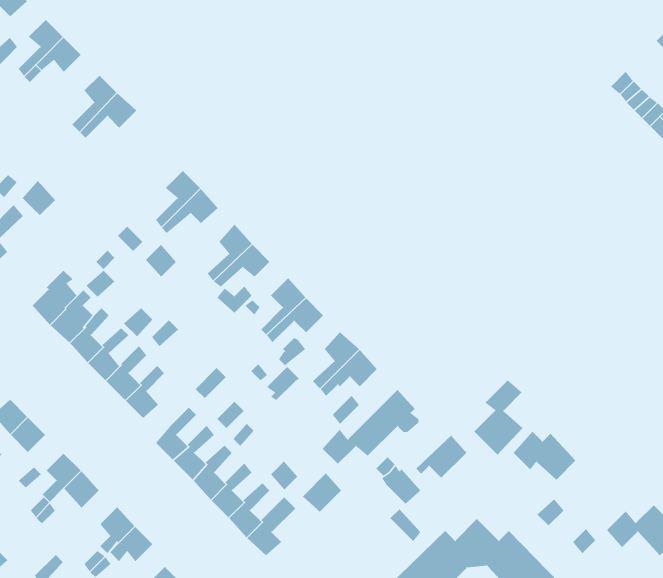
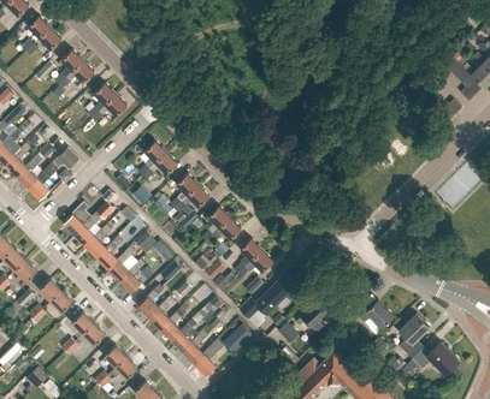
building: [474,380,524,455] -> none
building: none -> [400,315,429,359]

